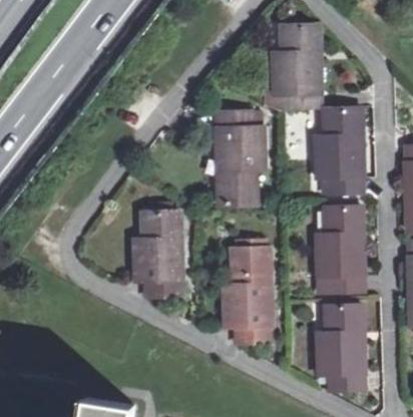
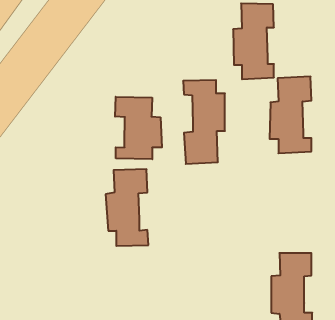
building: none -> [115,97,162,159]
building: [316,206,364,290] -> none
building: [224,248,270,340] -> none

